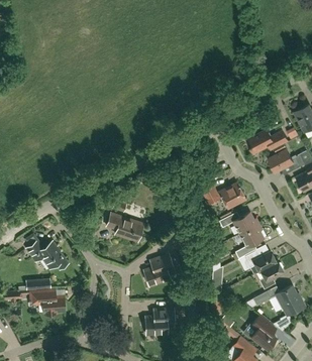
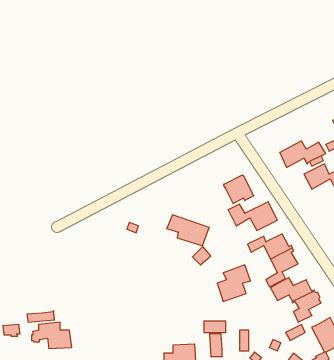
building: none -> [224,175,253,204]
building: [106,214,143,241] -> [167,215,209,246]
building: [26,241,68,269] -> none
building: [144,254,174,286] -> [217,265,251,302]

